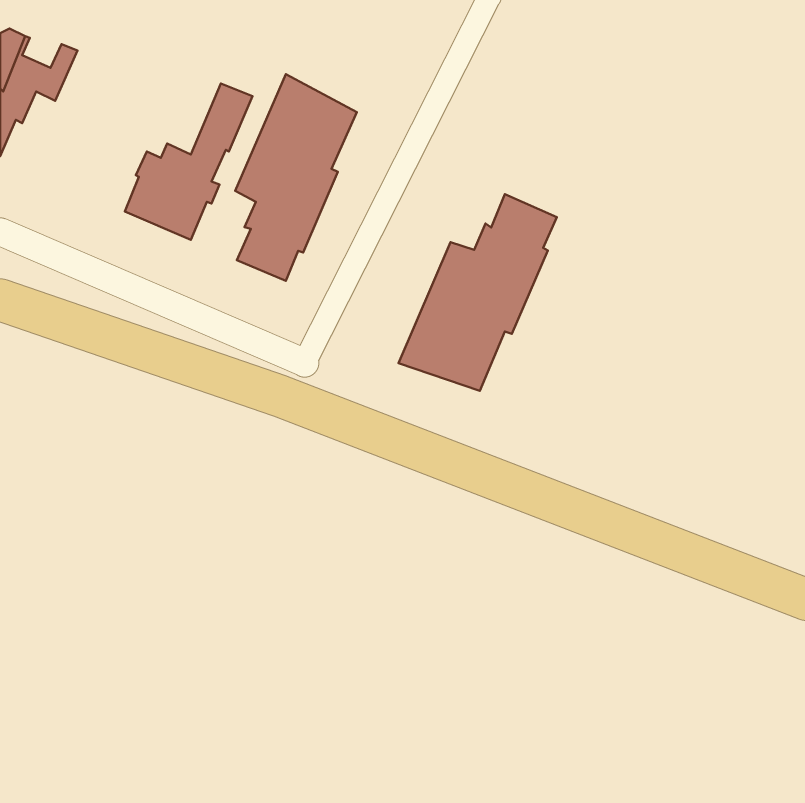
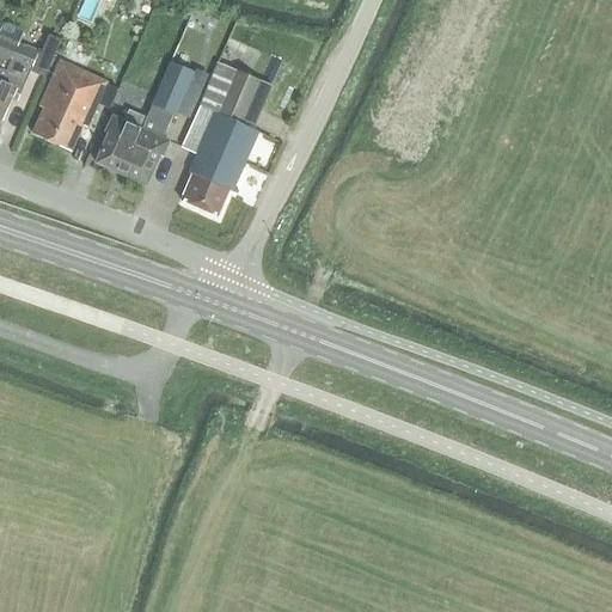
building: none -> [32,61,105,148]
building: [398,194,557,391] -> none

